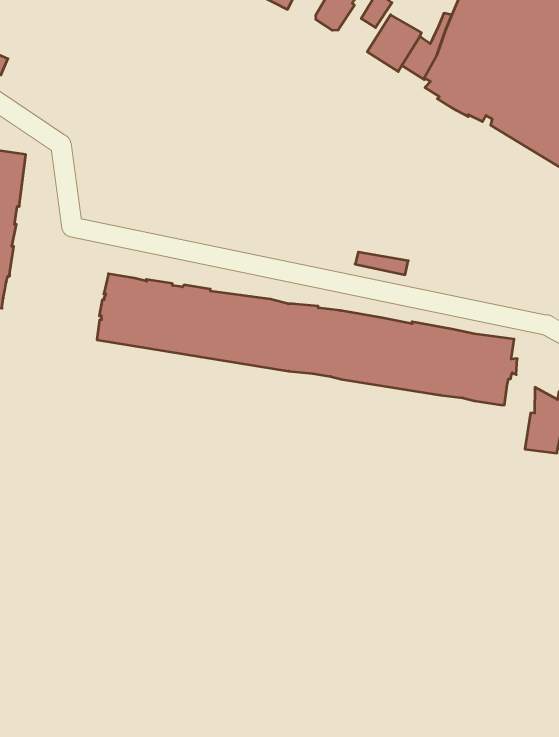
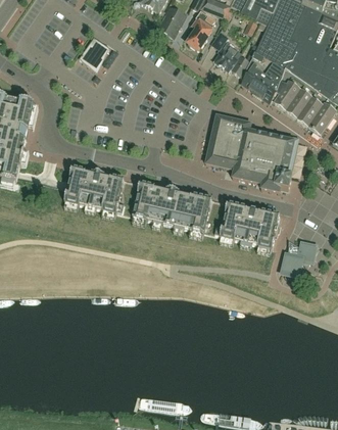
building: none -> [80,36,109,66]
building: none -> [205,114,295,192]

